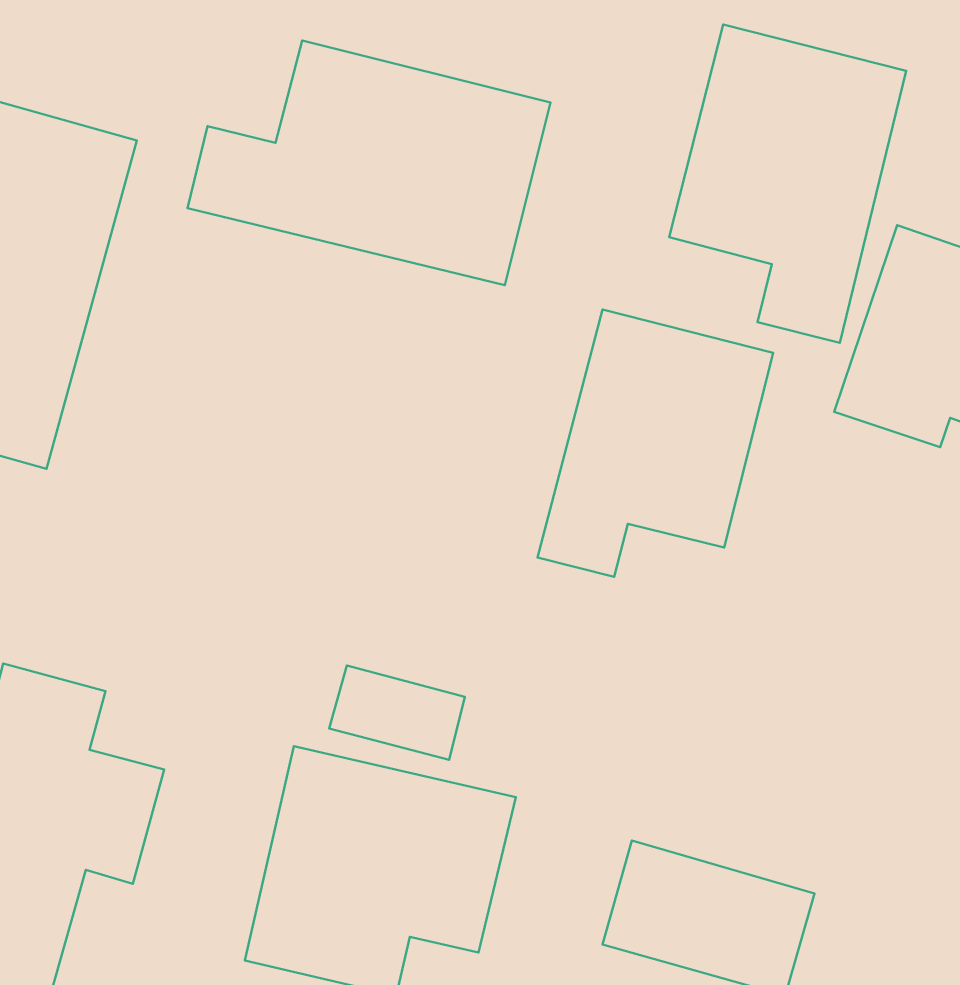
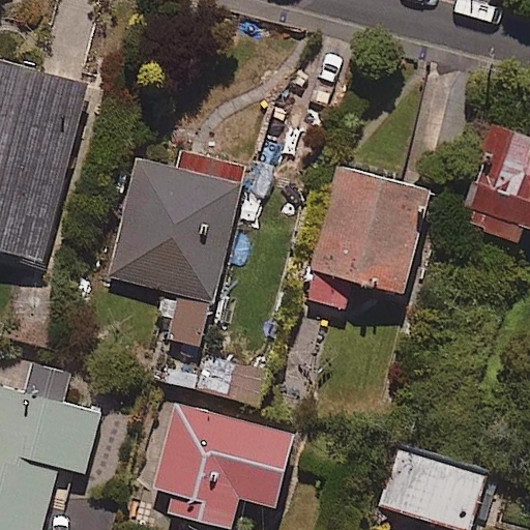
building: [669,24,906,343] -> none
building: [187,40,551,285] -> none
building: none -> [108,152,244,348]

